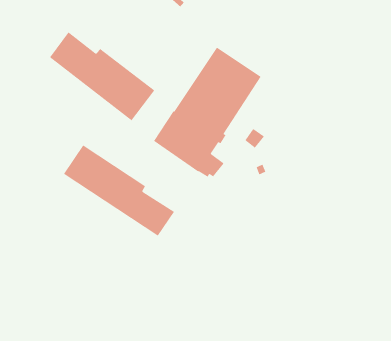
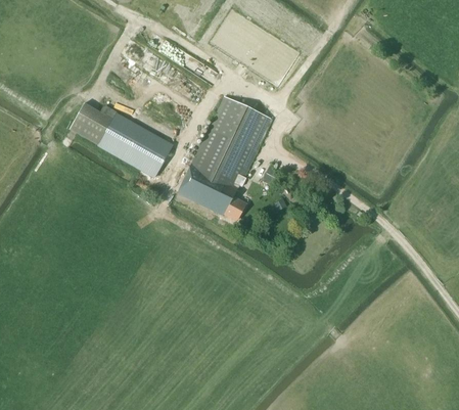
building: [63,144,175,236] -> none

